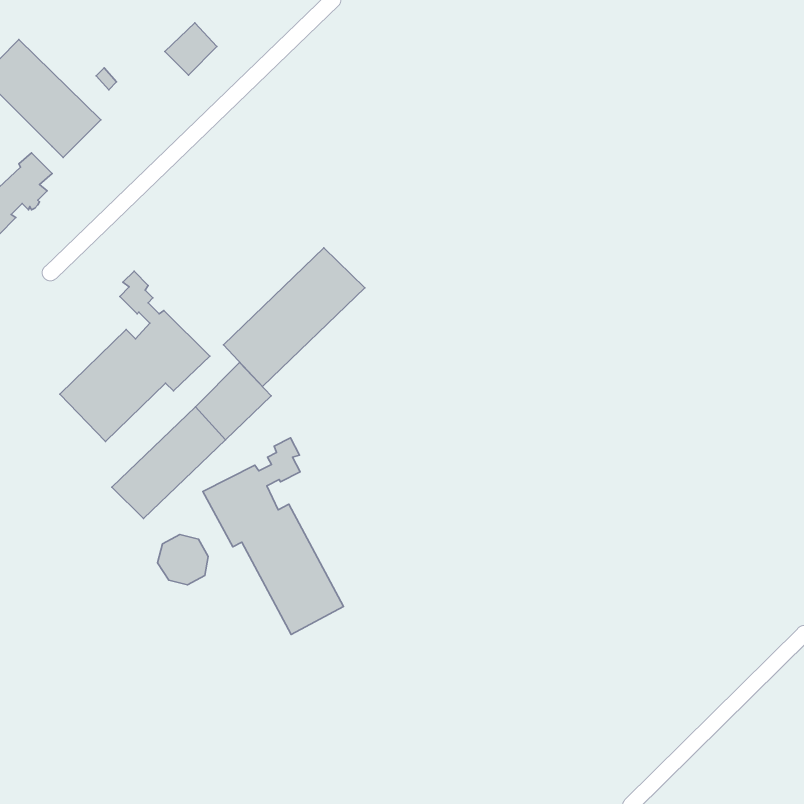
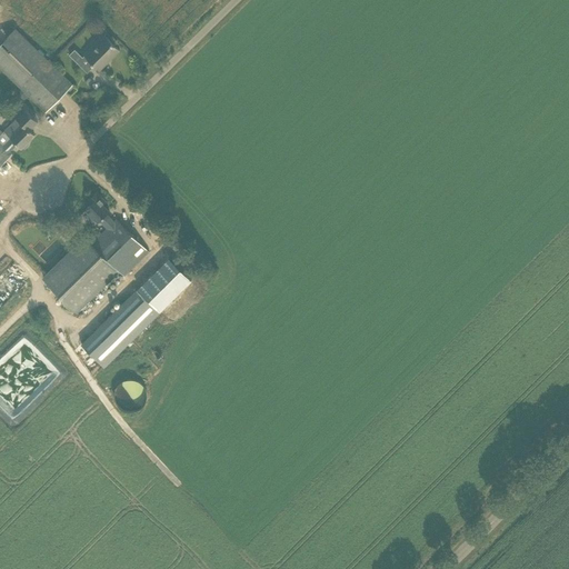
building: [165,23,217,75] -> [81,34,118,71]
building: [224,248,365,387] -> none
building: [203,438,344,634] -> none

